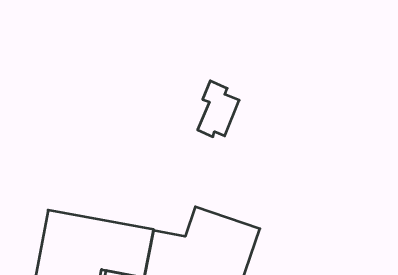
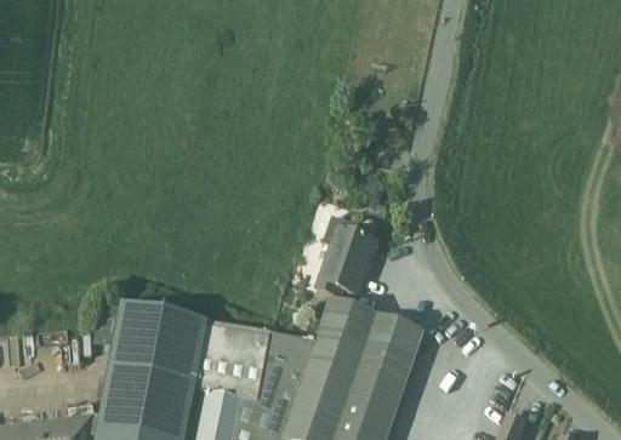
building: [198,81,239,137] -> [315,212,375,292]

